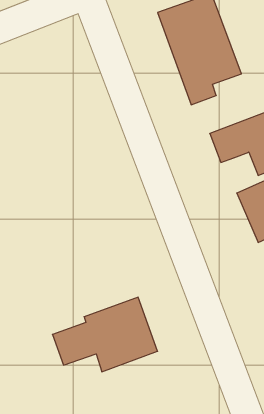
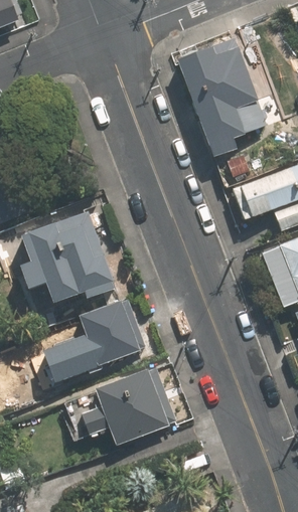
building: none -> [23,211,119,302]
building: none -> [44,298,146,381]

